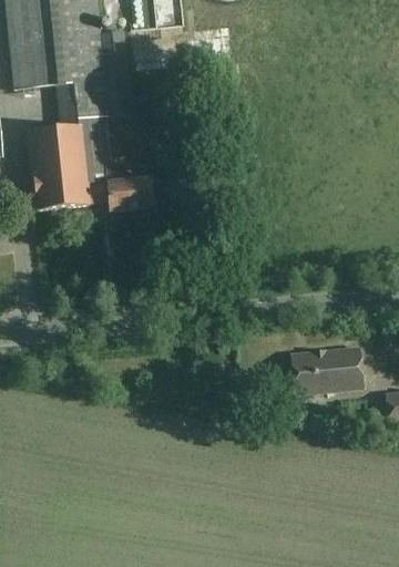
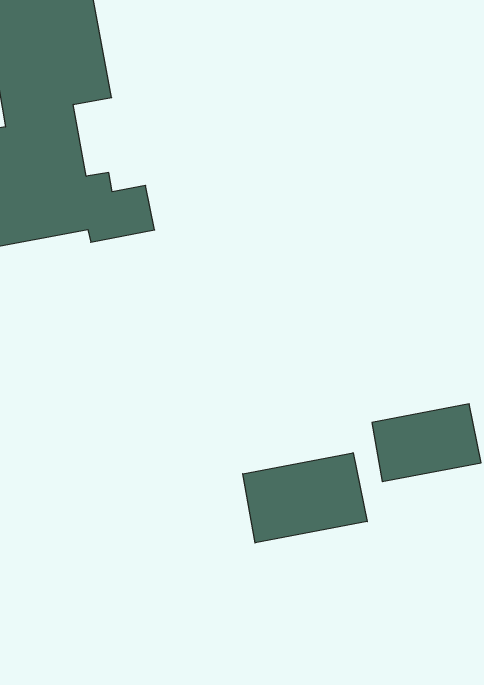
building: none -> [243,453,367,543]

